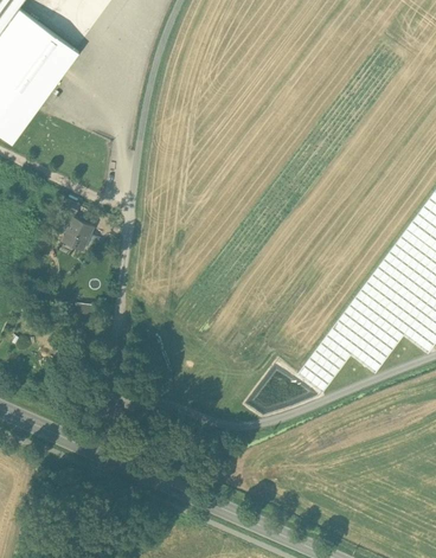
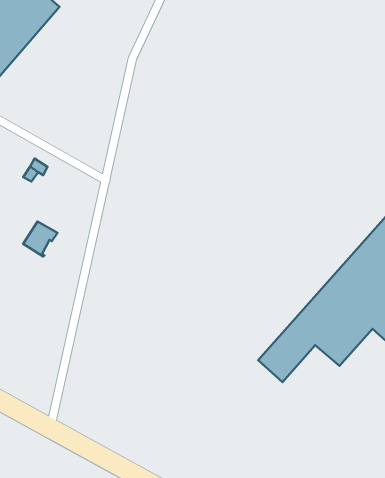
building: [63,217,95,250] -> [23,221,58,257]

